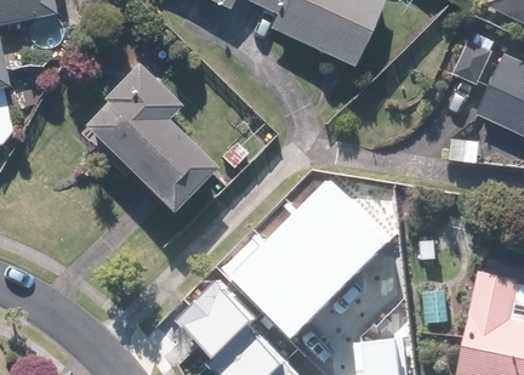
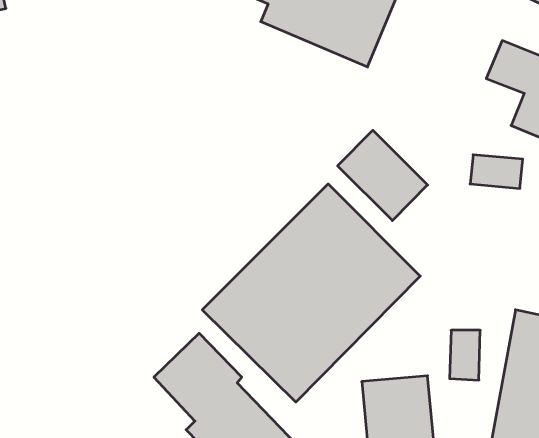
building: [74,62,220,210] -> none
building: none -> [338,130,428,221]

